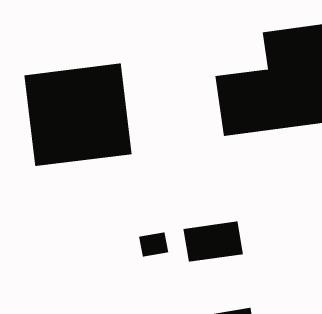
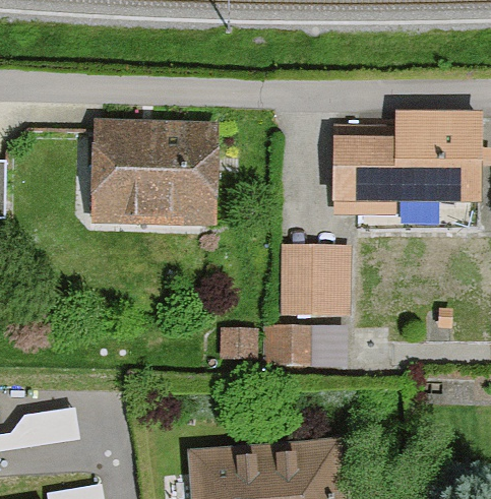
building: none -> [272,250,339,319]

